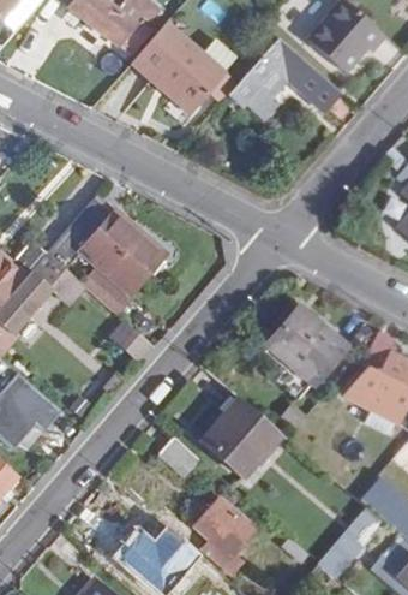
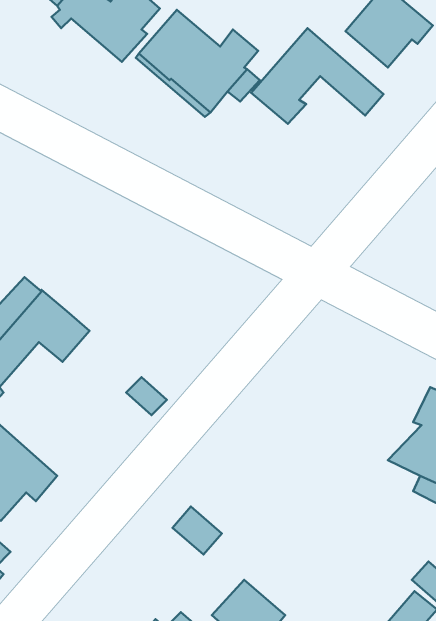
building: [47,198,167,297] -> none
building: [265,304,347,385] -> none
building: [200,400,282,482] -> none

